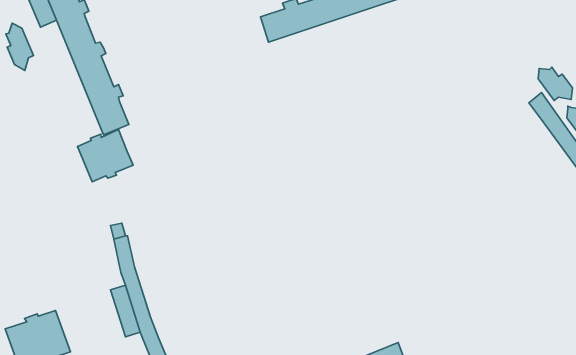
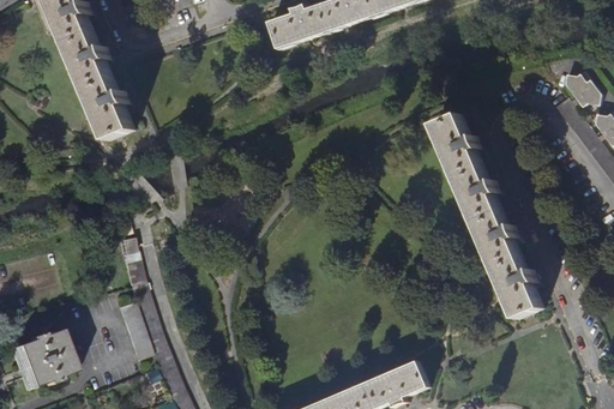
building: [6,23,33,70] -> none
building: none -> [435,114,541,318]
building: [77,130,133,182] -> none

